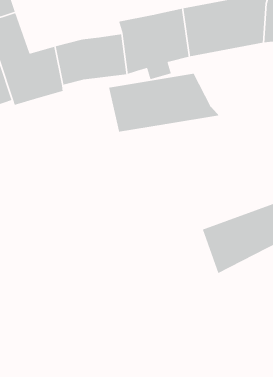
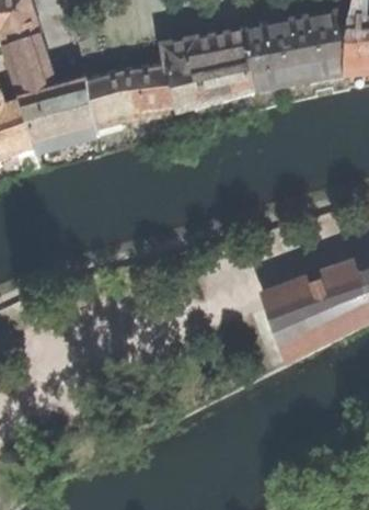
building: [108,73,220,132] -> none

